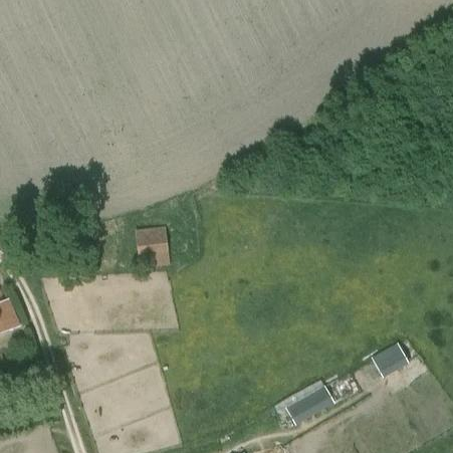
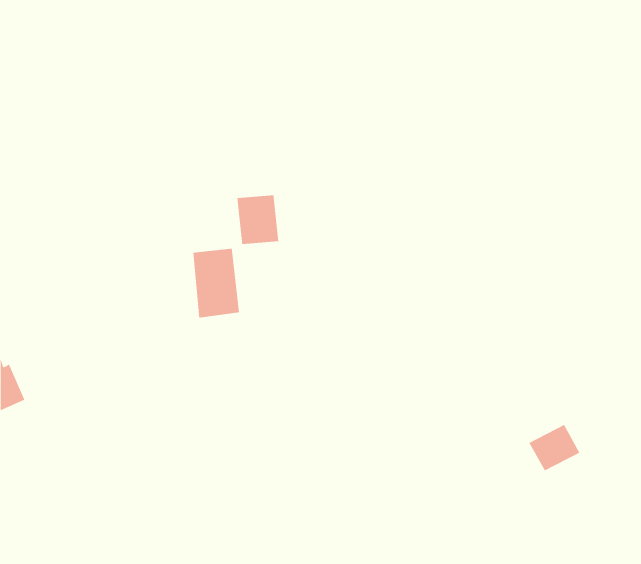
building: none -> [237,194,279,245]
building: [284,385,333,425] -> none

